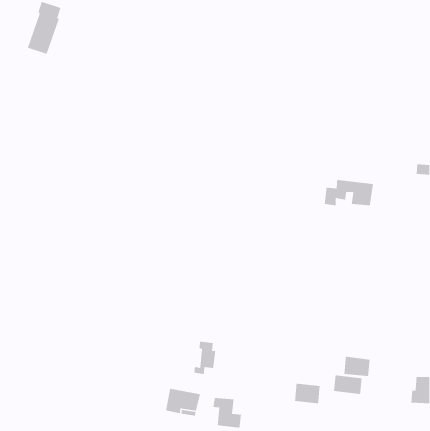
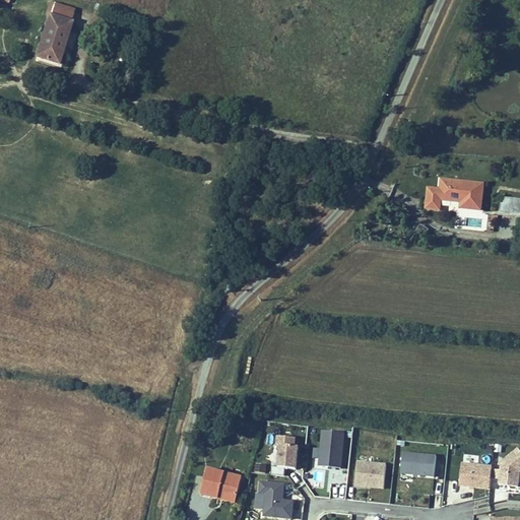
building: [324,179,374,206] -> [425,178,484,210]
building: [193,341,216,375] -> [270,433,298,473]
building: [343,356,370,377] -> [462,462,495,488]
building: none -> [318,429,342,466]

